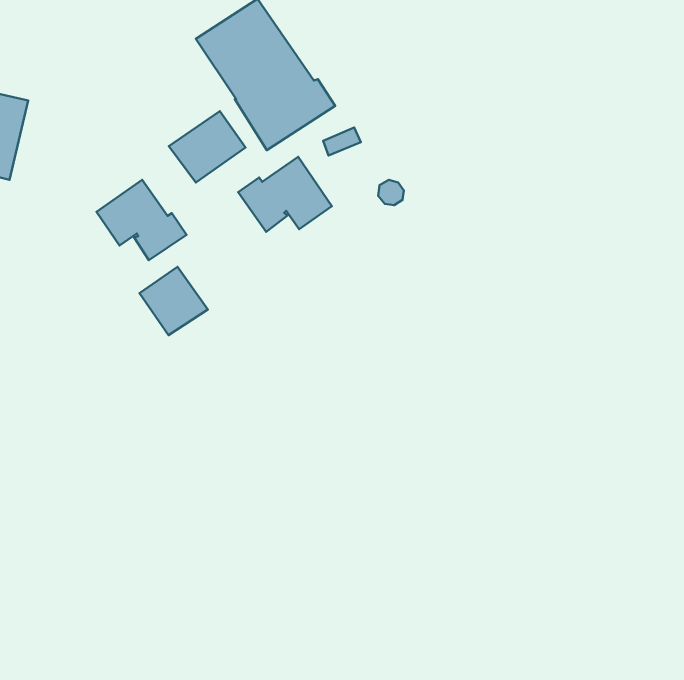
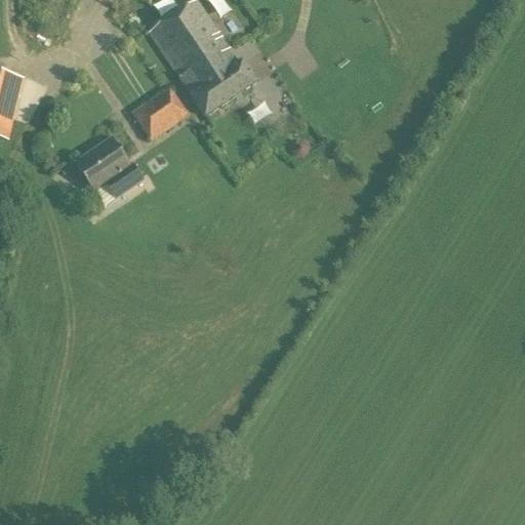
building: [238,157,332,232] -> none
building: [140,267,208,335] -> none

